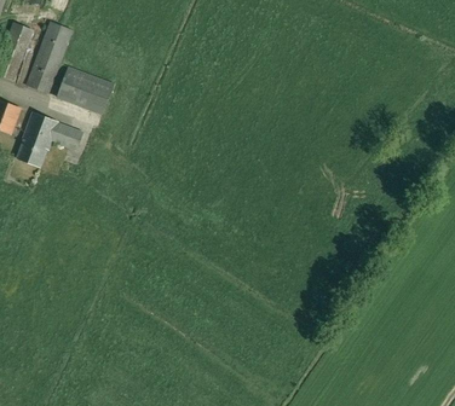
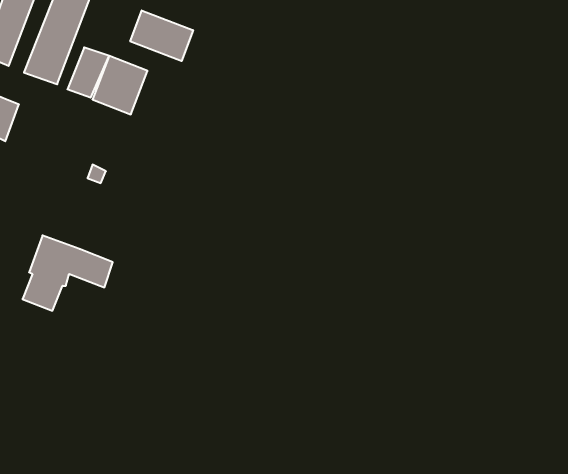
building: none -> [130,10,193,61]
building: [17,112,82,167] -> [22,235,113,311]

